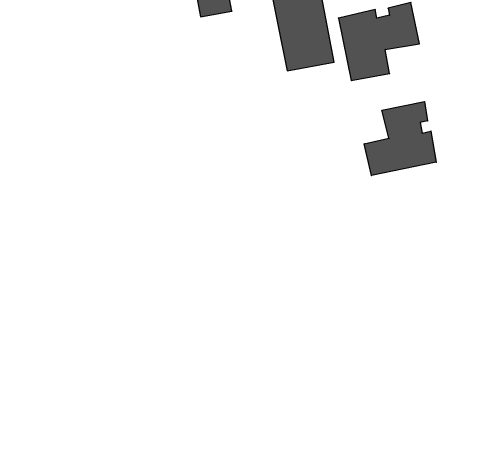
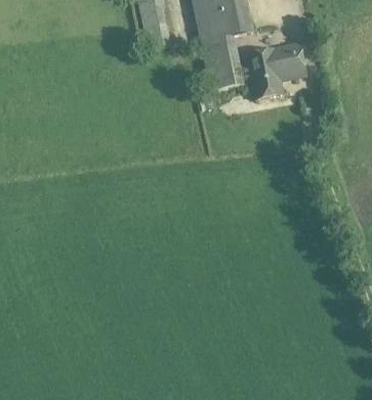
building: [364,102,436,176] -> none

